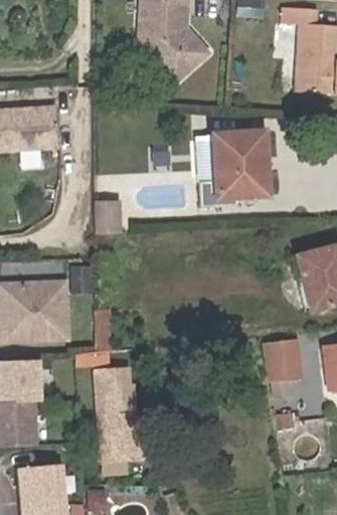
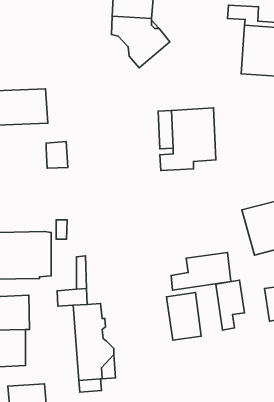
building: [96,200,122,232] -> [46,142,68,168]
building: none -> [171,252,231,290]
building: none -> [166,292,201,340]

